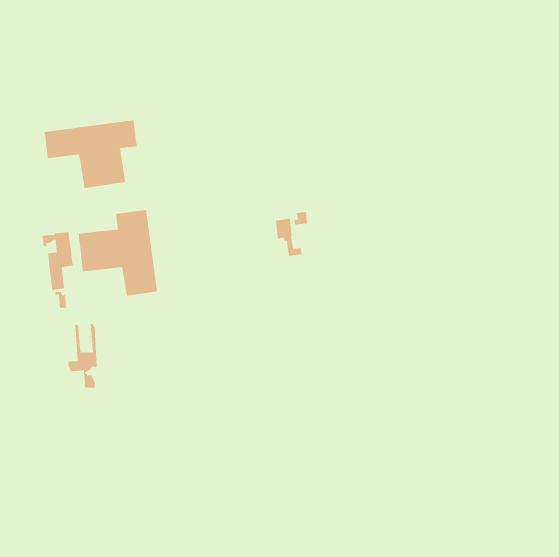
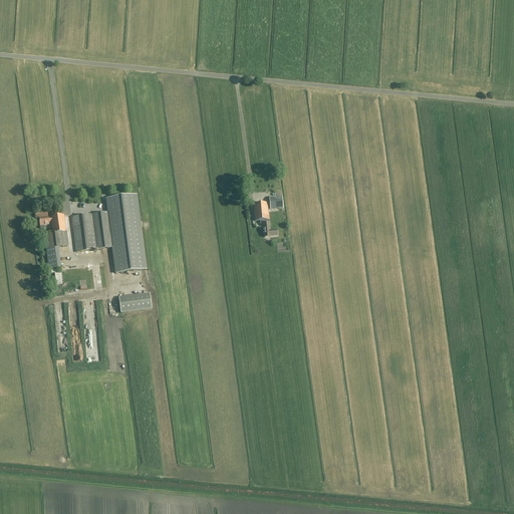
building: [44,120,137,189] -> none
building: none -> [117,291,151,310]

